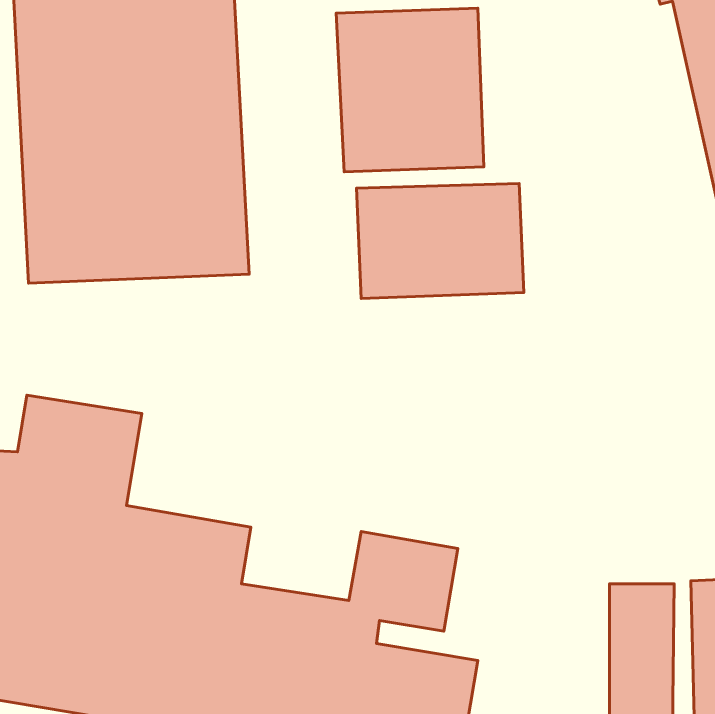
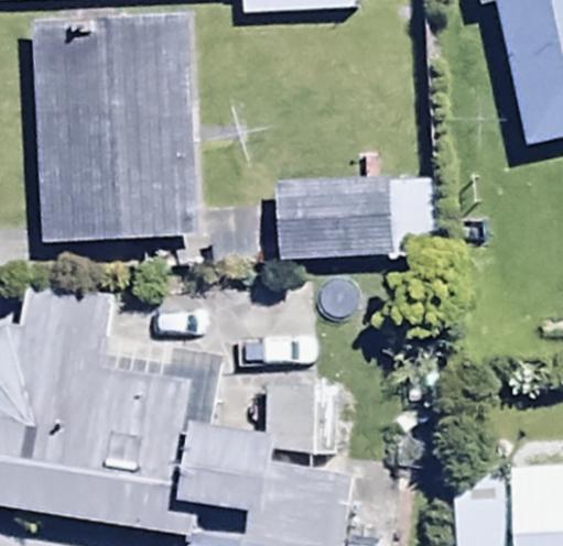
building: [336,8,484,172] -> none

